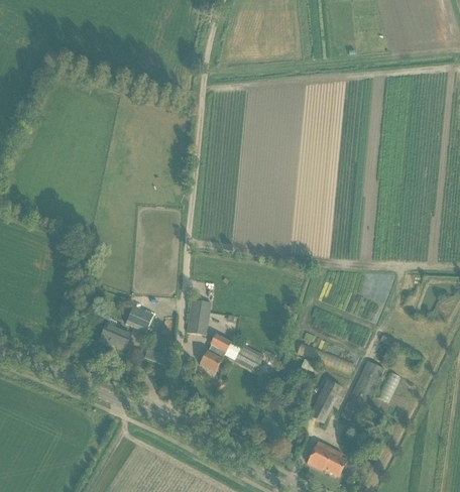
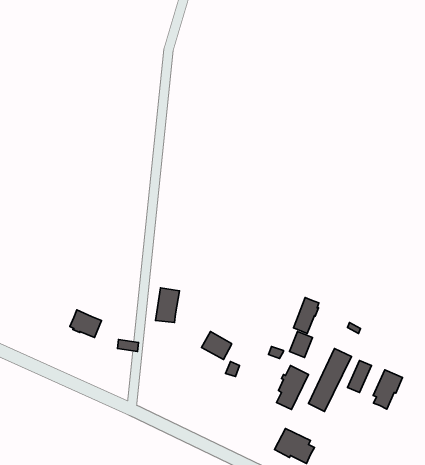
building: [125,304,153,332] -> none
building: none -> [293,297,319,333]
building: [200,333,231,371] -> none
building: none -> [373,370,403,409]

